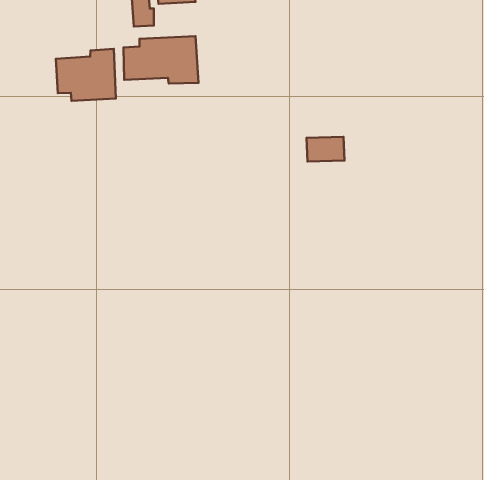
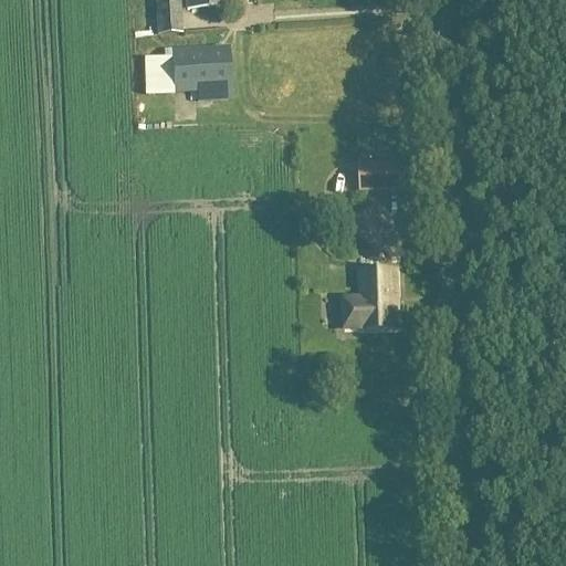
building: [56,49,116,101] -> none
building: none -> [342,266,398,326]

